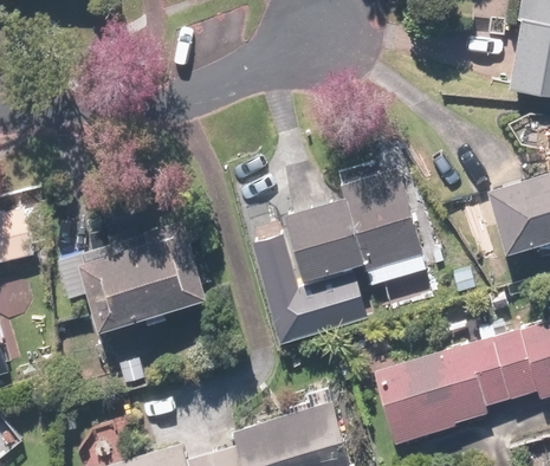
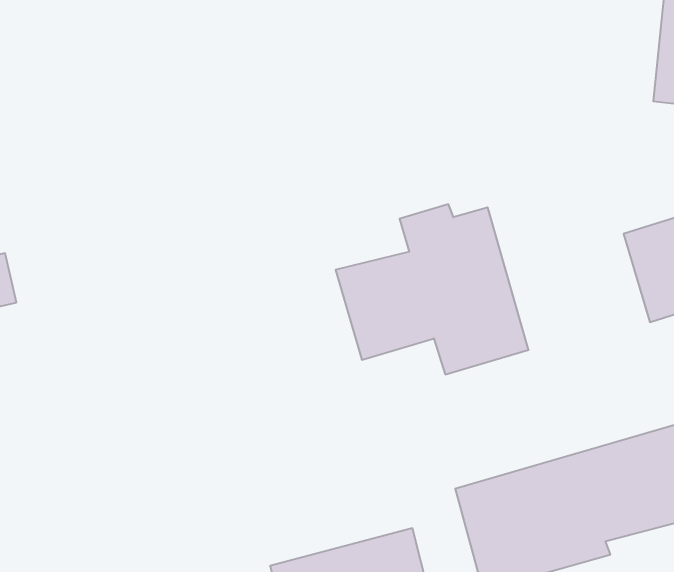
building: [56,218,209,330] -> none
building: [248,229,364,338] -> none

